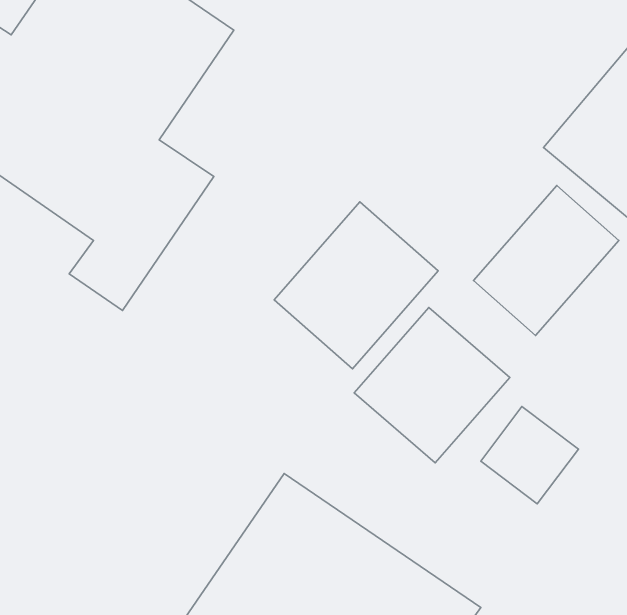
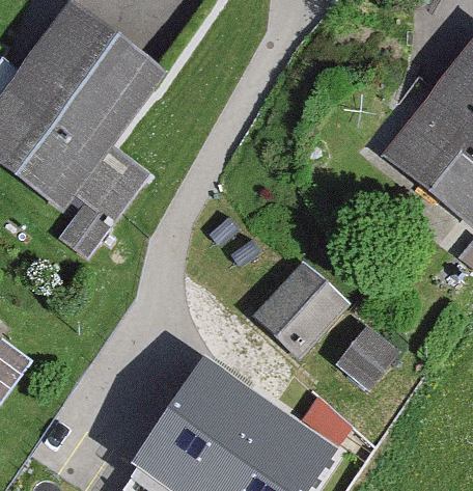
building: [474,186,619,335] -> none
building: [274,202,438,369] -> none

